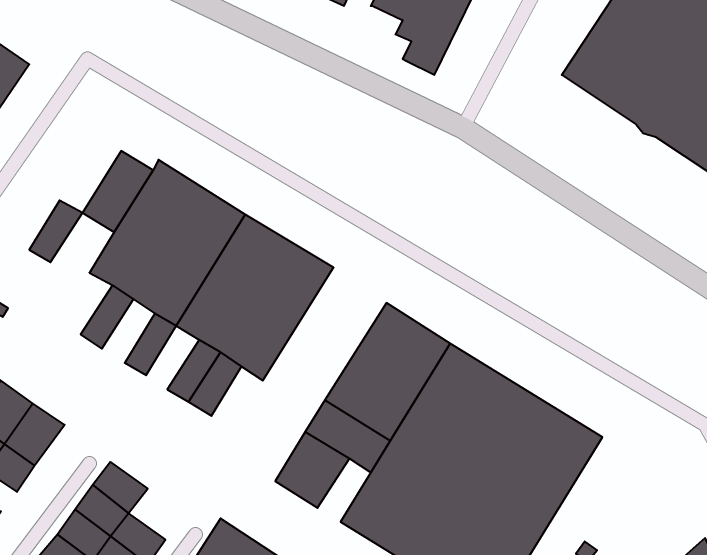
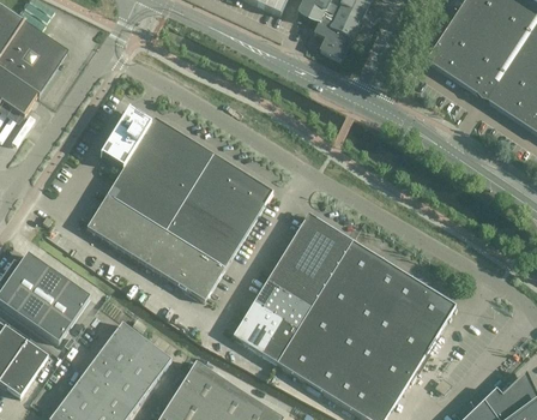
building: [29,200,82,262] -> [88,193,123,235]
building: none -> [116,211,152,254]
building: none -> [146,229,182,272]
building: none -> [191,257,225,300]
building: none -> [263,319,298,362]
building: none -> [134,340,171,374]

